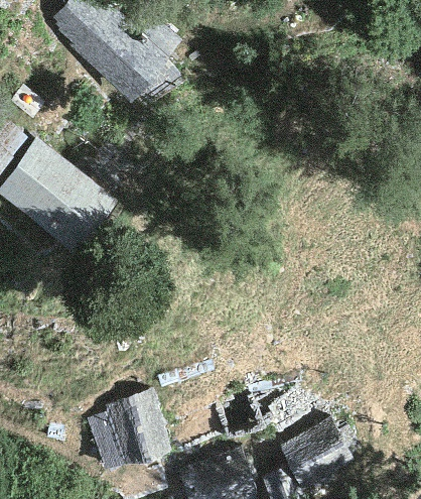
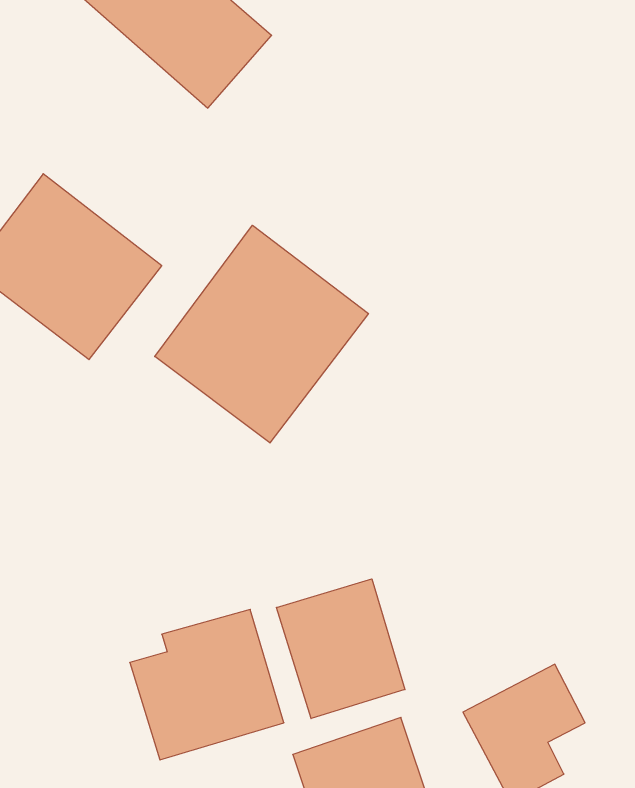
building: none -> [155,225,368,443]
building: none -> [276,579,405,719]

